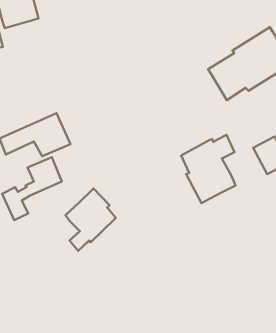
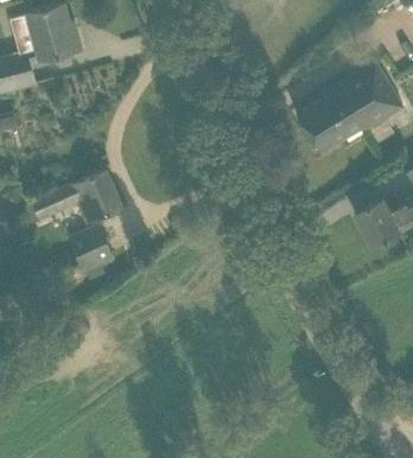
building: [181,135,236,203] -> none
building: [65,189,116,251] -> none

